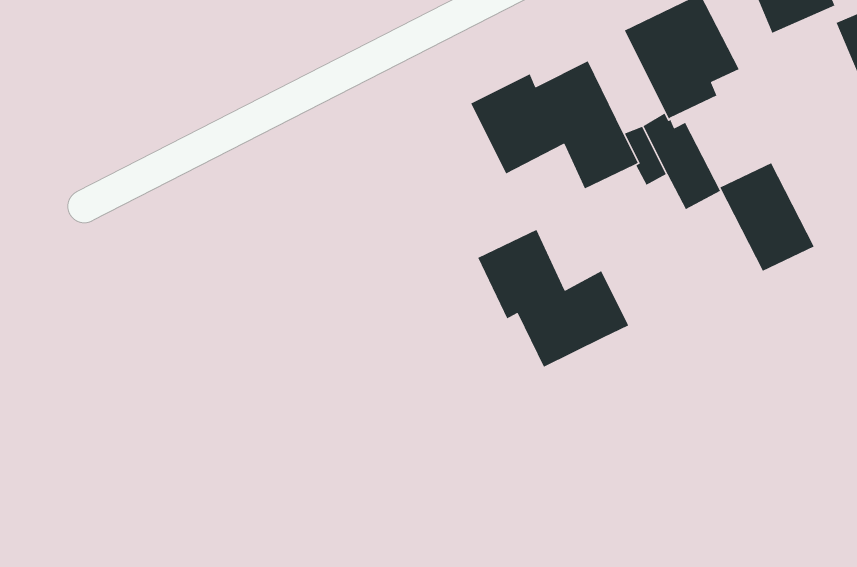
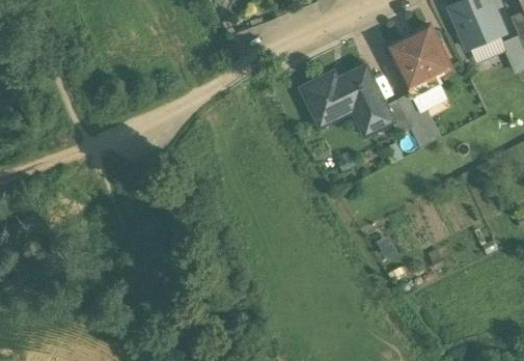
building: [719,162,815,272] -> none
building: [477,229,629,368] -> none

